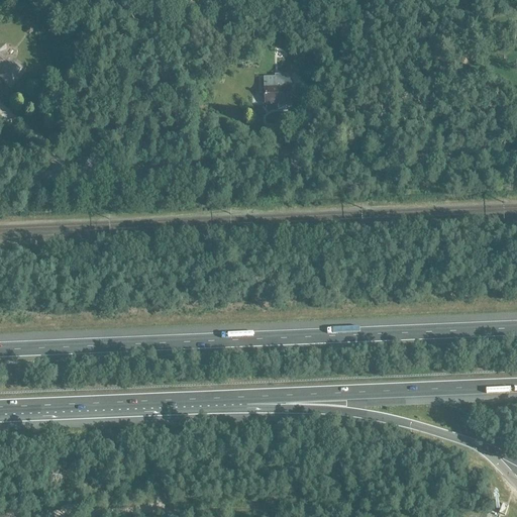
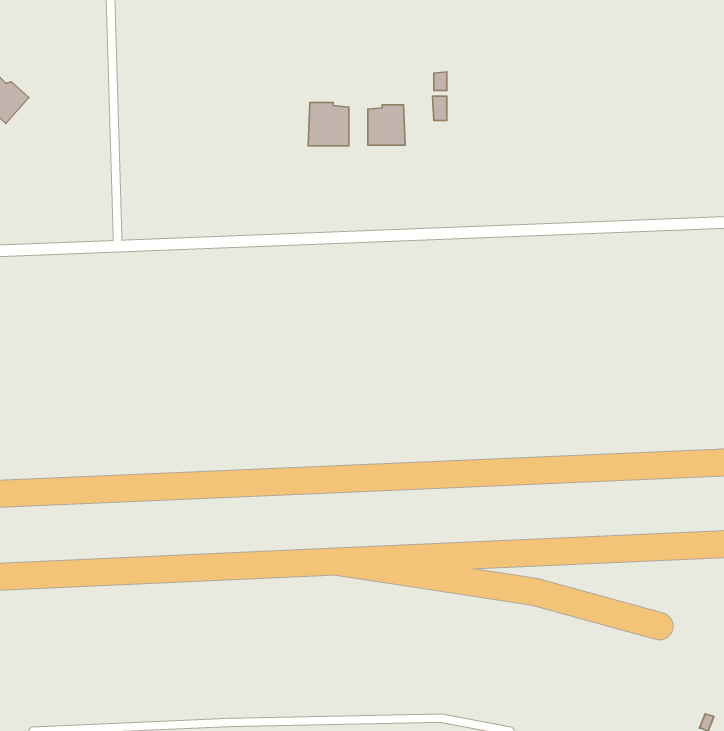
building: none -> [308,102,349,146]

